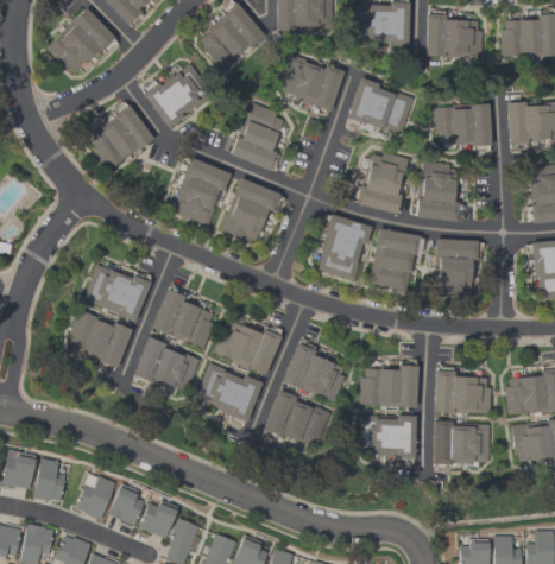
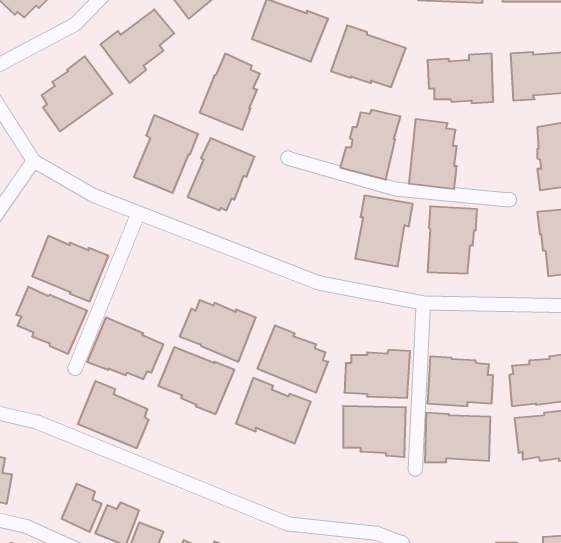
building: [319,214,372,281] -> none
building: [152,289,215,348] -> [78,381,149,448]
building: [77,476,116,519] -> none

